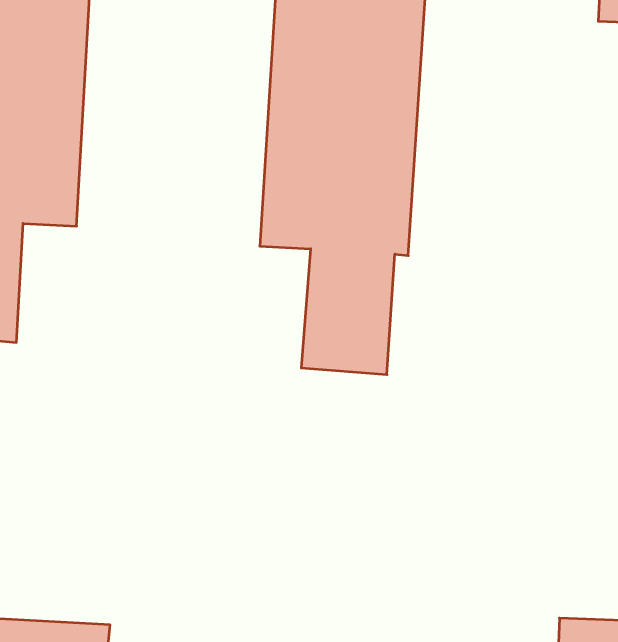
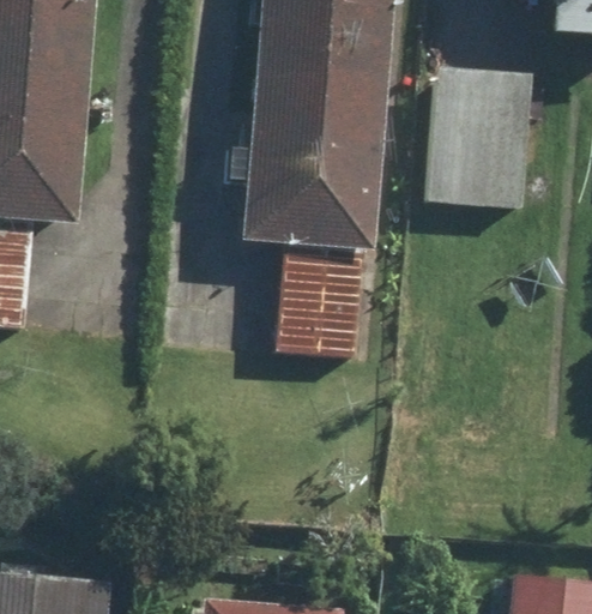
building: none -> [427,65,526,205]

